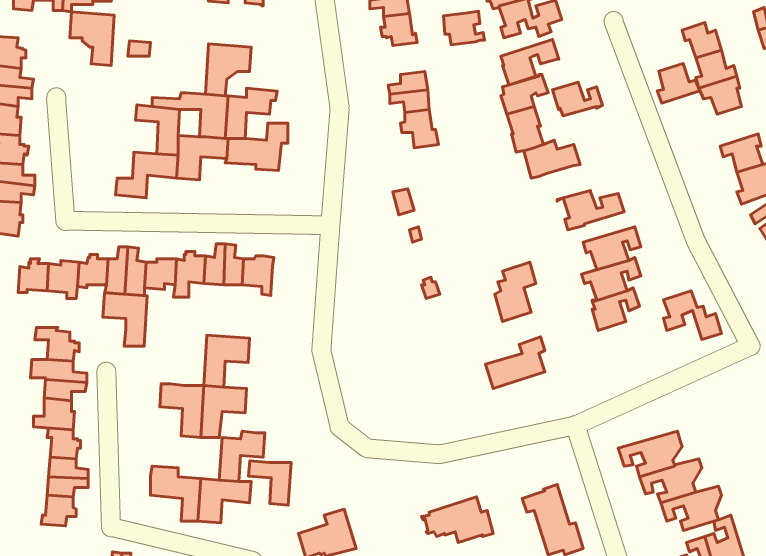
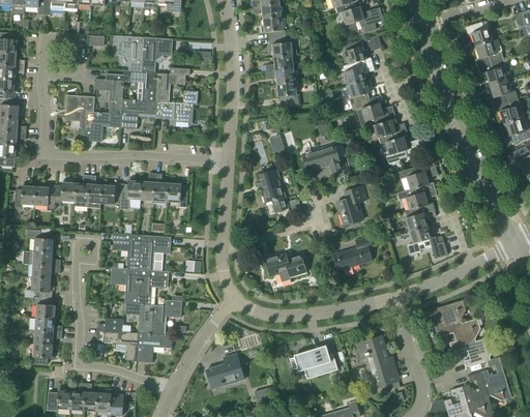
building: [443,11,485,45] -> [269,35,297,58]
building: [70,12,114,65] -> [114,35,144,71]
building: [657,64,700,103] -> [489,80,518,107]
building: [552,82,603,116] -> [374,120,408,143]
building: none -> [63,95,93,128]
building: none -> [302,145,347,173]
building: none -> [256,170,288,211]
building: [664,291,721,340] -> [409,226,448,259]
building: [103,293,147,346] -> [113,233,143,269]
building: none -> [264,252,307,282]
building: [248,461,291,505] -> [124,303,153,333]

